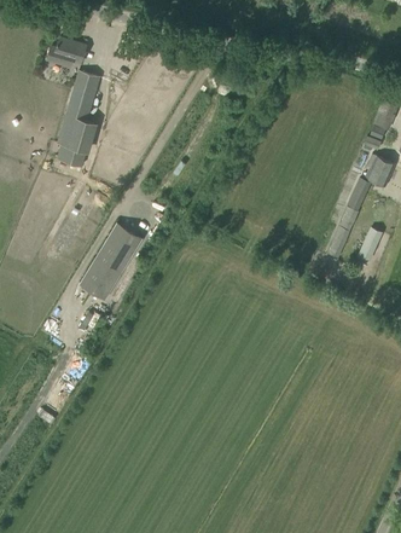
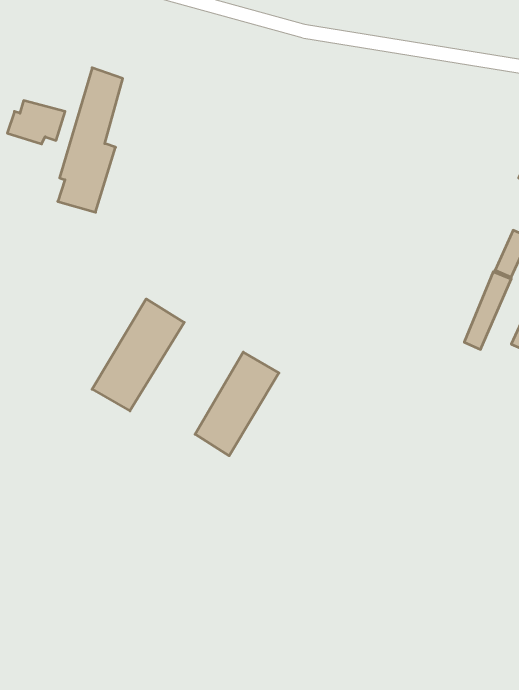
building: [48,36,87,65] -> [7,101,65,144]
building: none -> [195,352,279,456]

